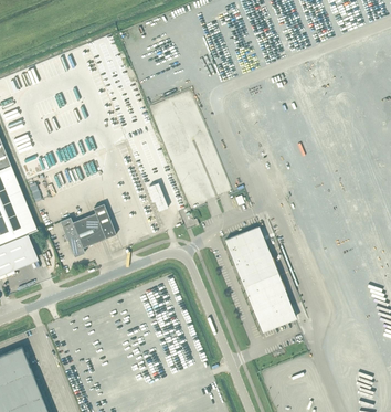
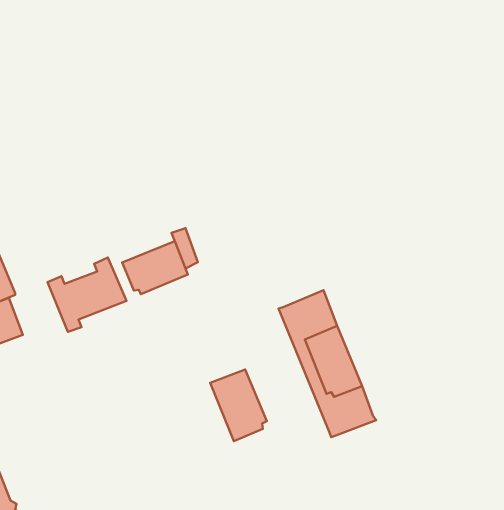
building: none -> [122,241,188,294]
building: none -> [210,369,267,441]

